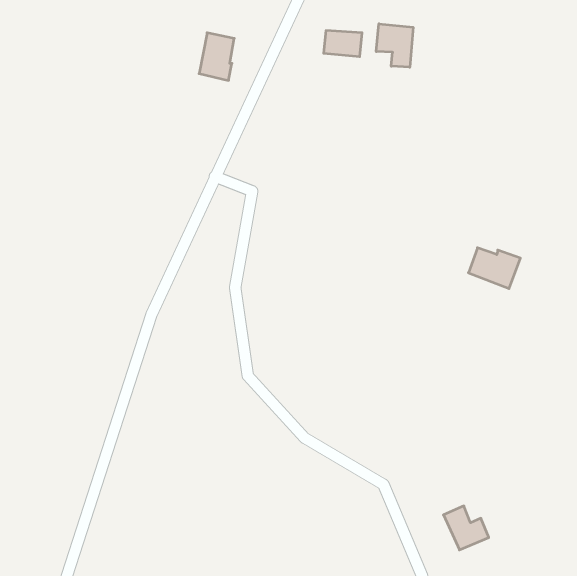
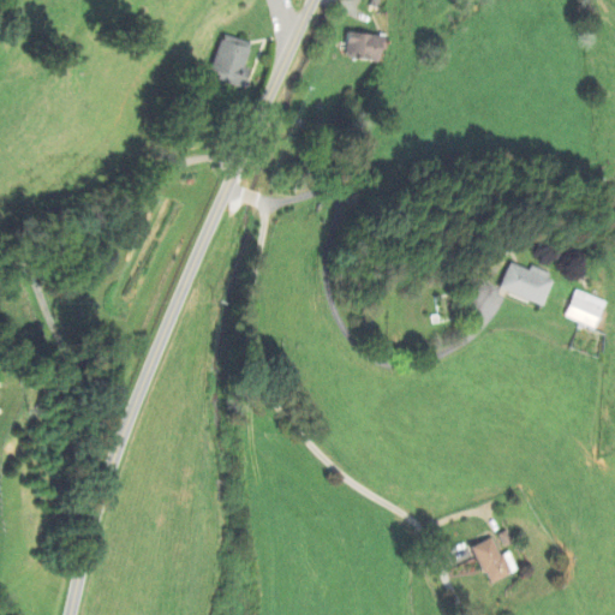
building: [376,24,413,67] -> none
building: none -> [563,289,607,330]

